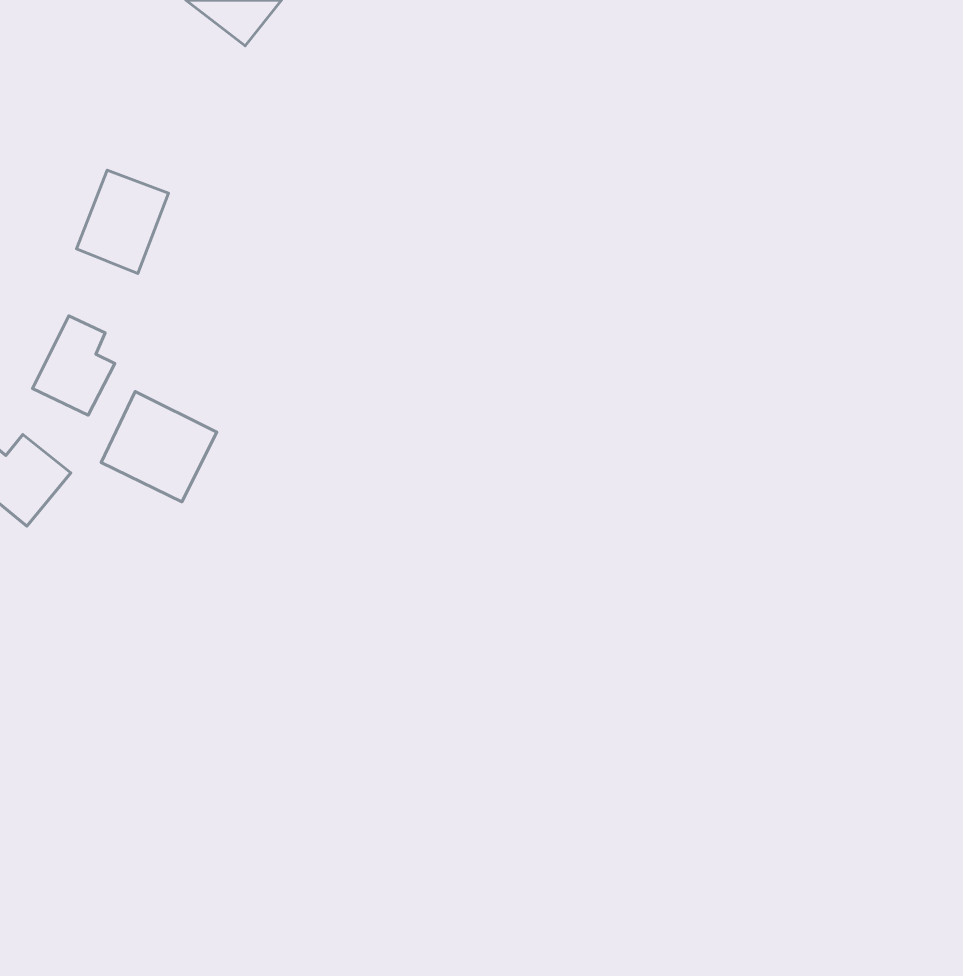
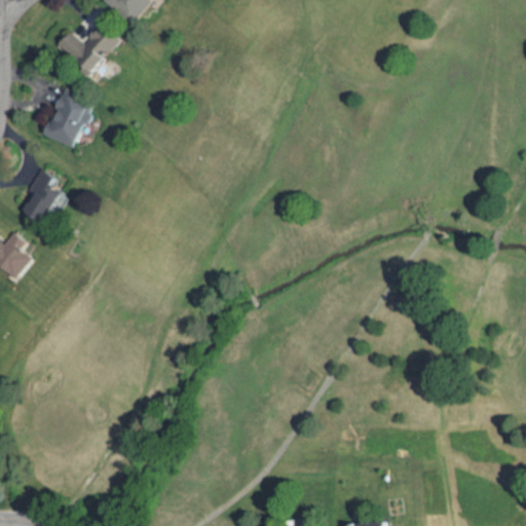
building: none -> [55,12,118,75]
building: [101,391,217,502] -> none

